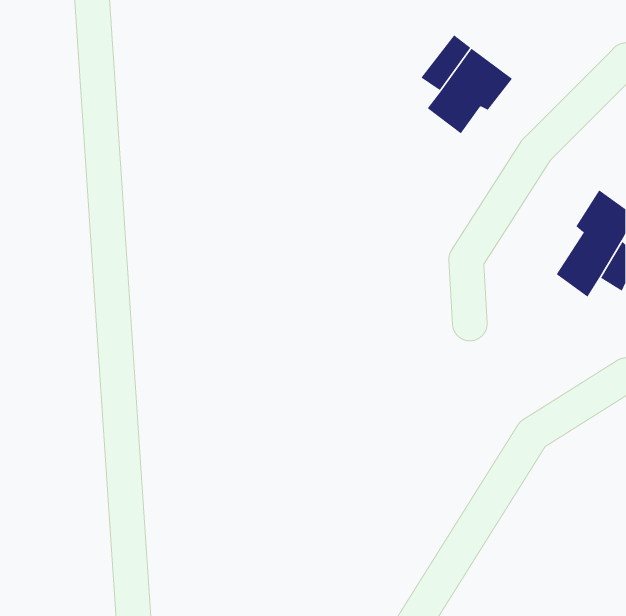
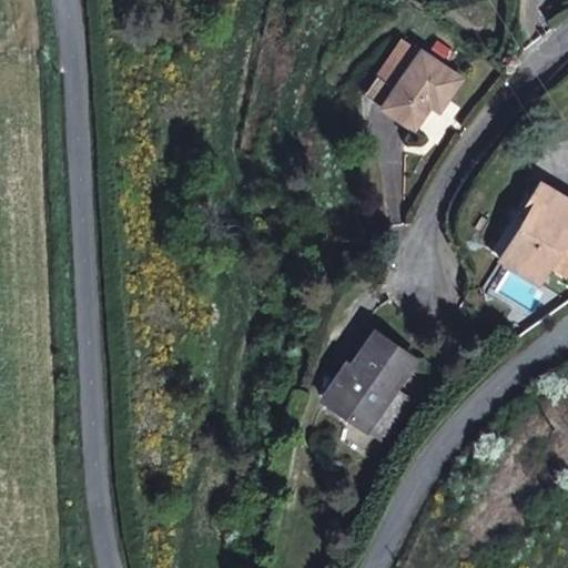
building: none -> [332,334,413,430]

